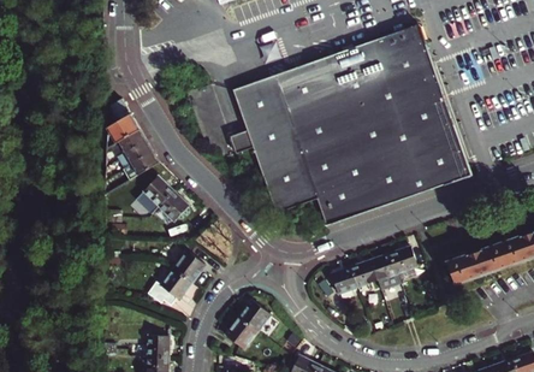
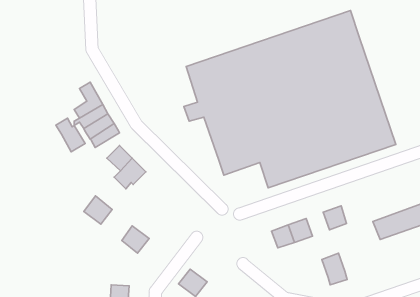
building: none -> [56,118,85,152]
building: [172,249,204,282] -> [84,196,112,224]
building: [370,252,399,288] -> [322,253,347,285]
building: [238,299,271,331] -> none

